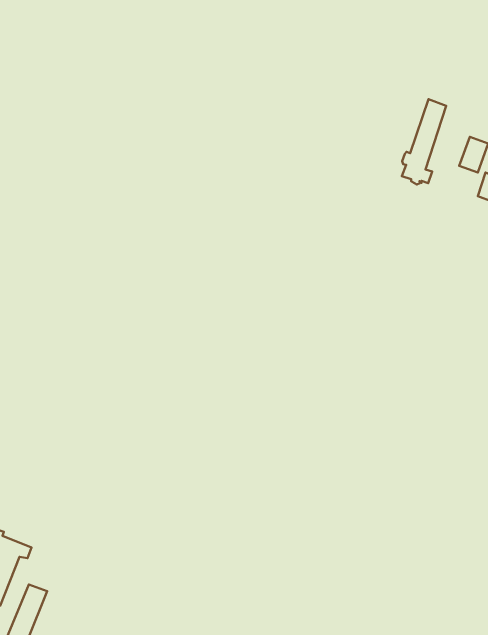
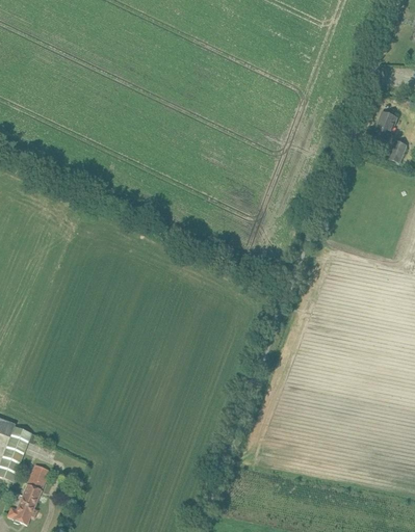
building: [402,99,446,184] -> none

